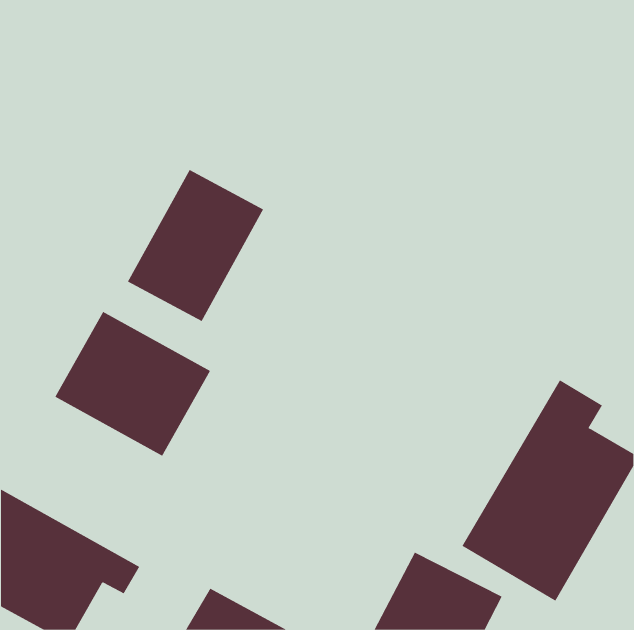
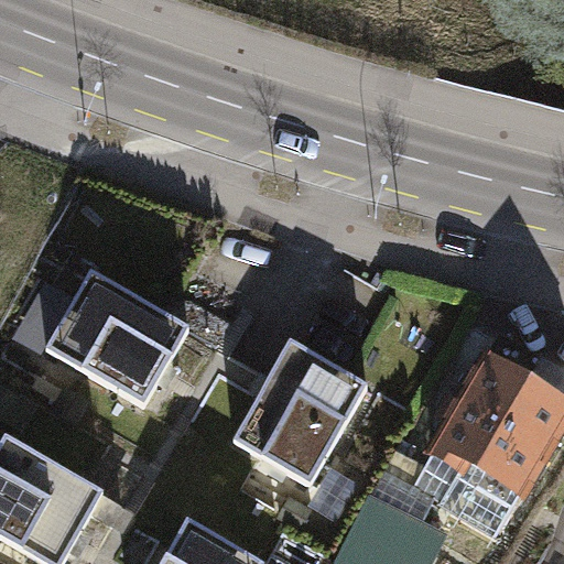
building: [127,169,264,322] -> none
building: none -> [232,341,366,485]

